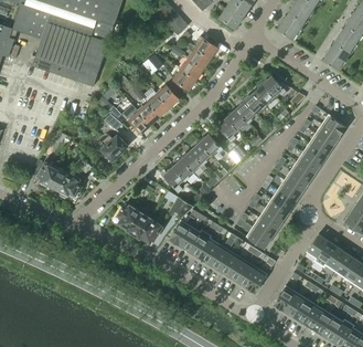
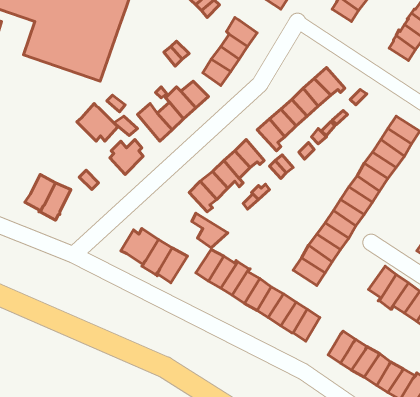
building: none -> [77,104,118,141]
building: [57,172,83,203] -> none

